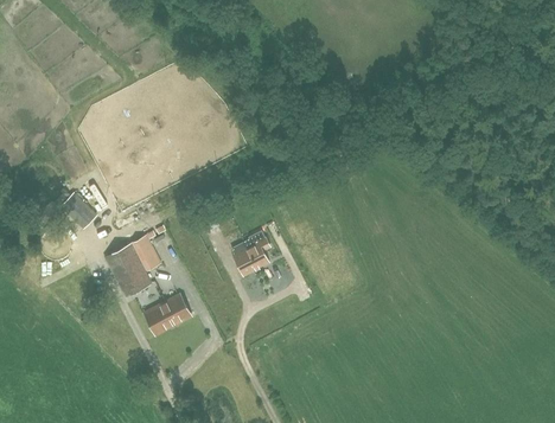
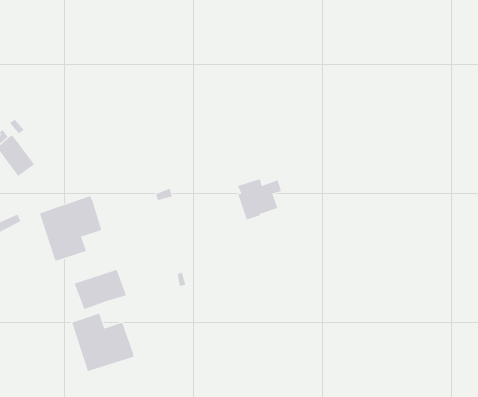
building: [231,236,270,275] -> [237,178,282,220]
building: none -> [71,313,134,373]

